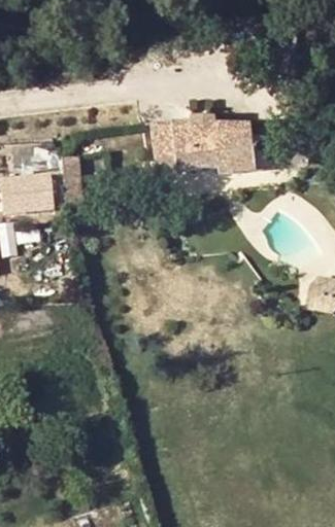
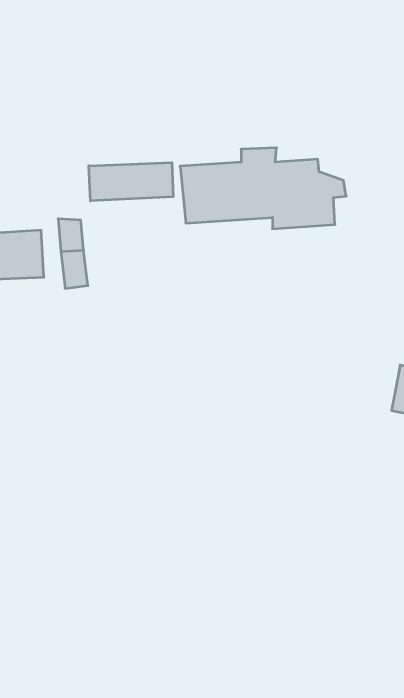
building: none -> [89,163,173,201]

